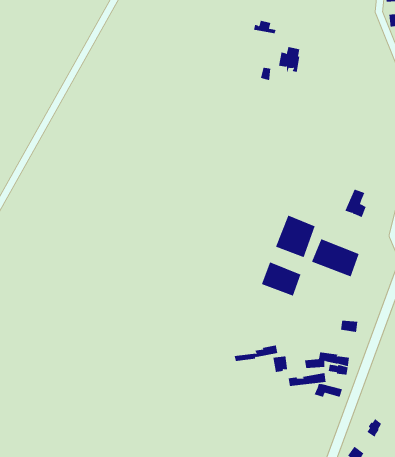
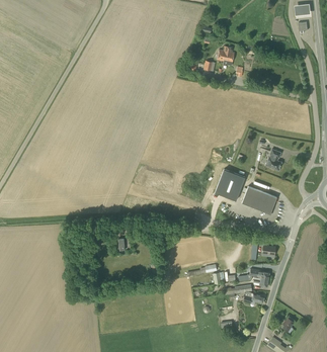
building: [261,261,301,296] -> none

